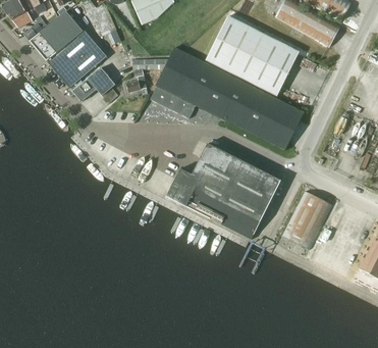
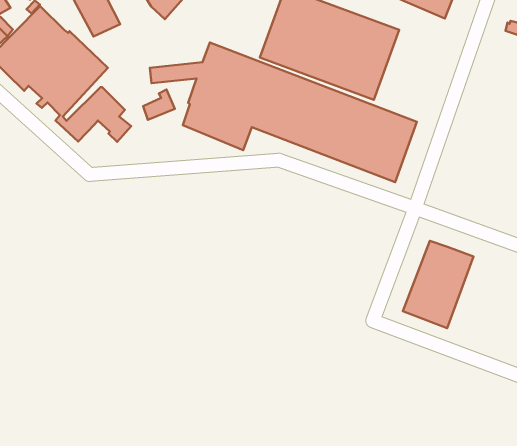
building: [165,142,280,239] -> none

